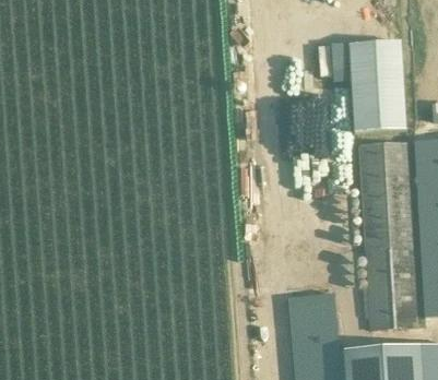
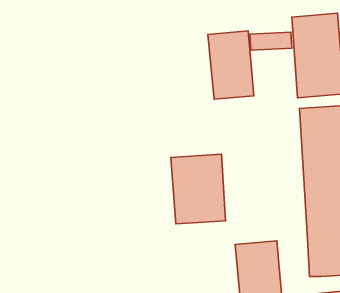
building: none -> [208,31,254,99]
building: none -> [171,154,225,224]

